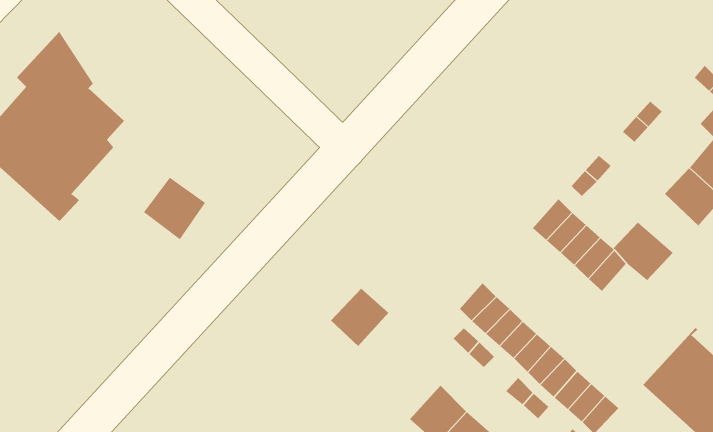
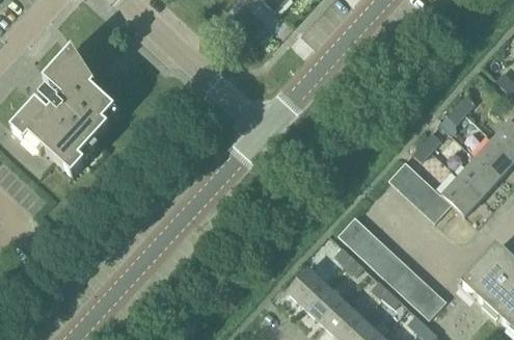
building: [143,177,206,240] -> none
building: none -> [458,156,498,195]
building: [330,288,389,347] -> [287,267,326,307]

